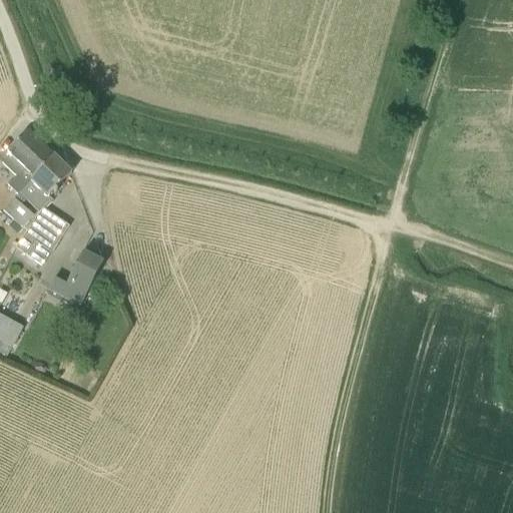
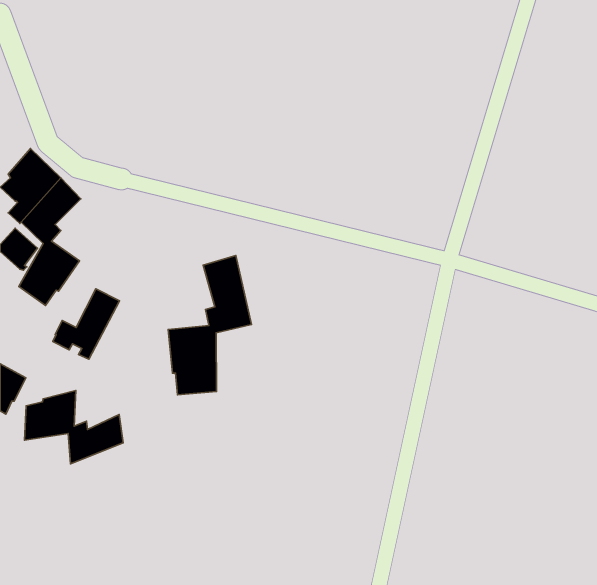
building: none -> [168,255,251,395]
building: none -> [25,390,123,464]

